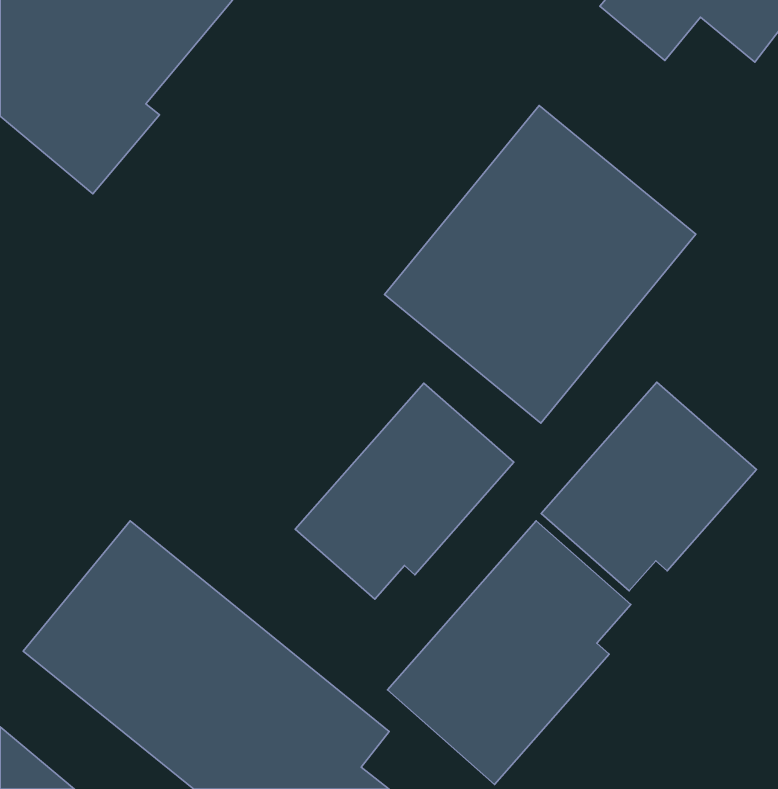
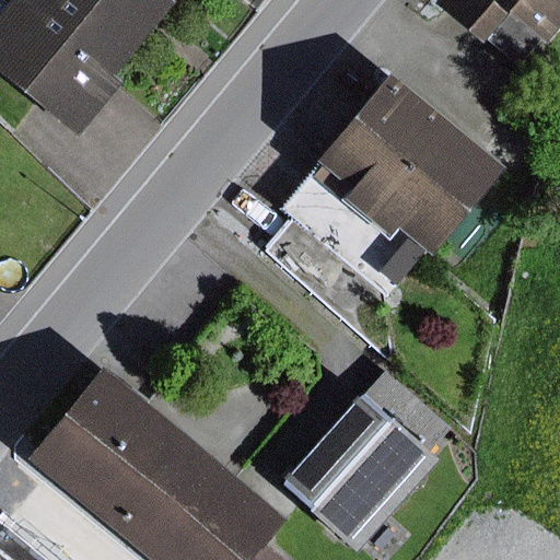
building: [541,382,757,591] -> none
building: [295,383,514,599] -> none

